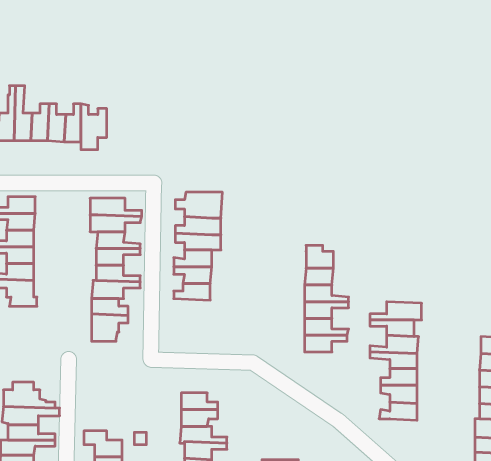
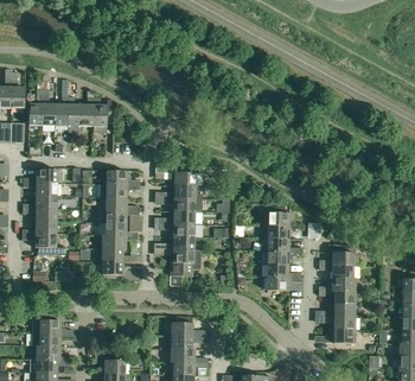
building: none -> [165,249,193,277]

